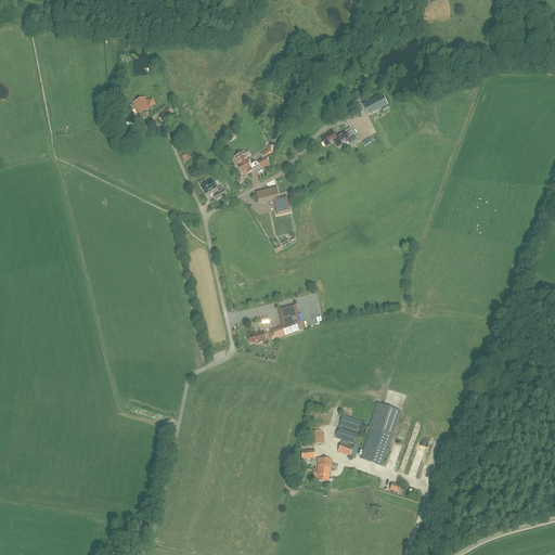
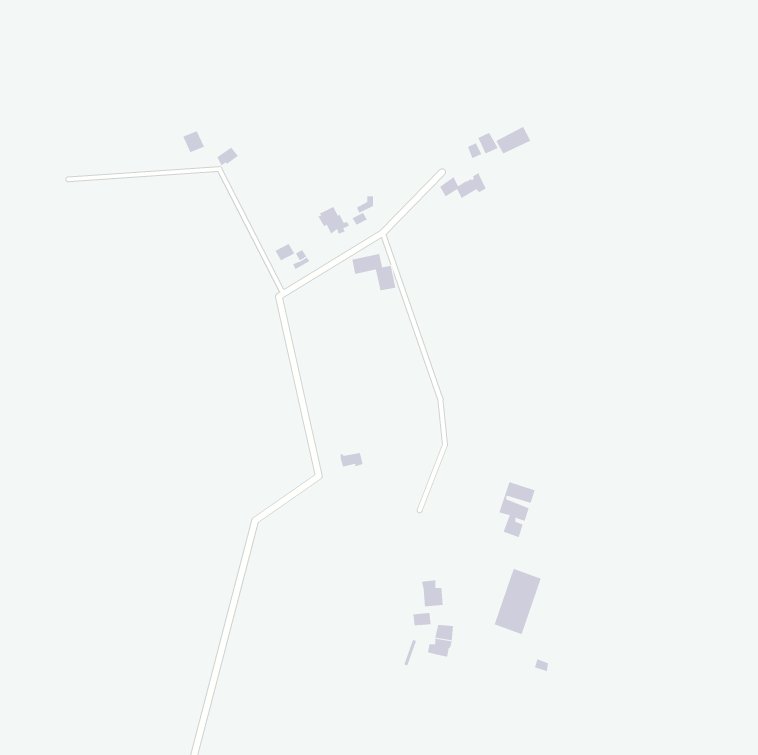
building: [273,305,300,336] -> none
building: [335,413,362,454] -> [498,481,535,538]

